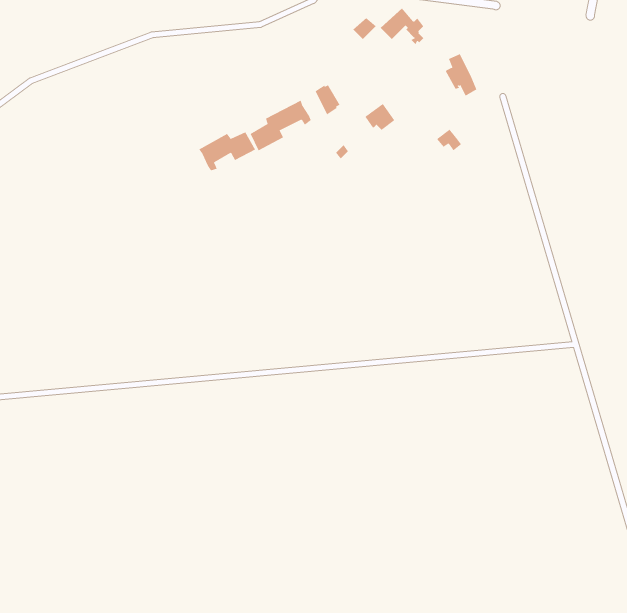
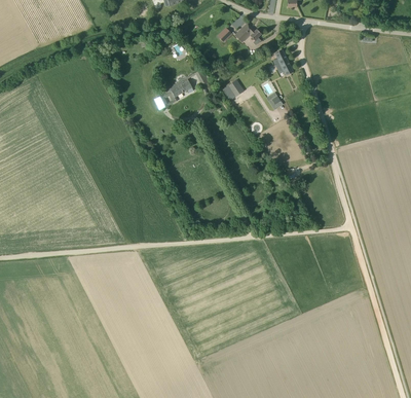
building: [198,132,256,171] -> none

